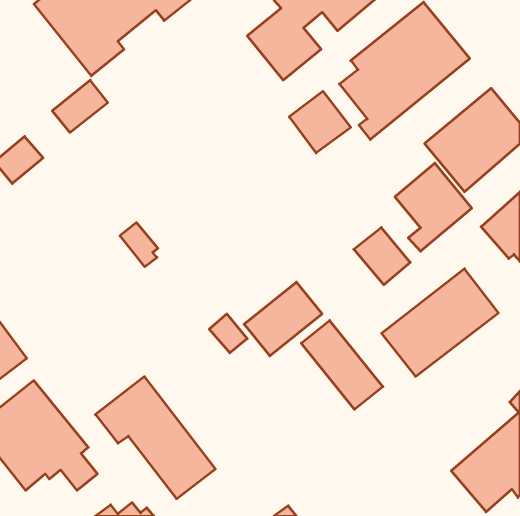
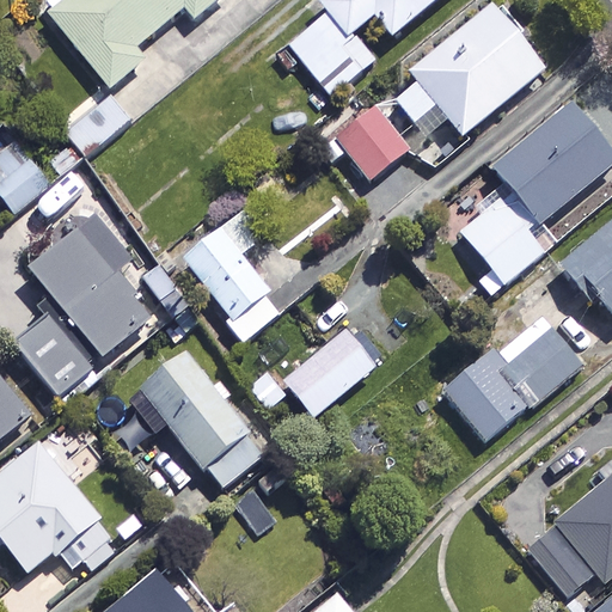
building: none -> [12,209,165,399]
building: none -> [185,228,328,347]
building: [354,227,410,285] -> none
building: [301,320,383,409] -> none
building: [95,377,215,499] -> [129,351,269,494]

